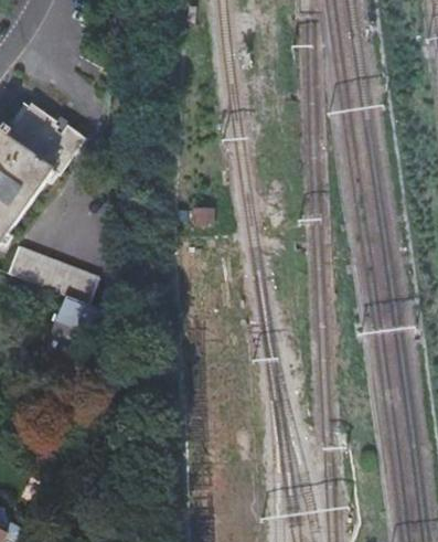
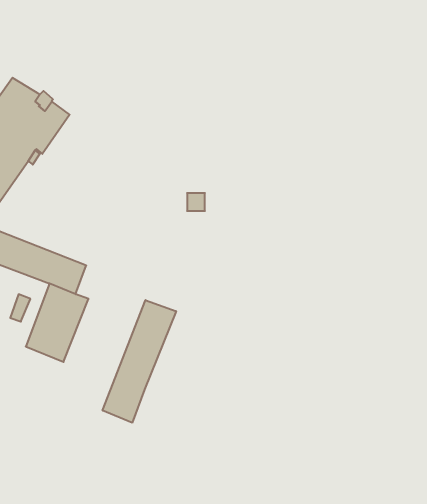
building: none -> [103,300,176,423]

